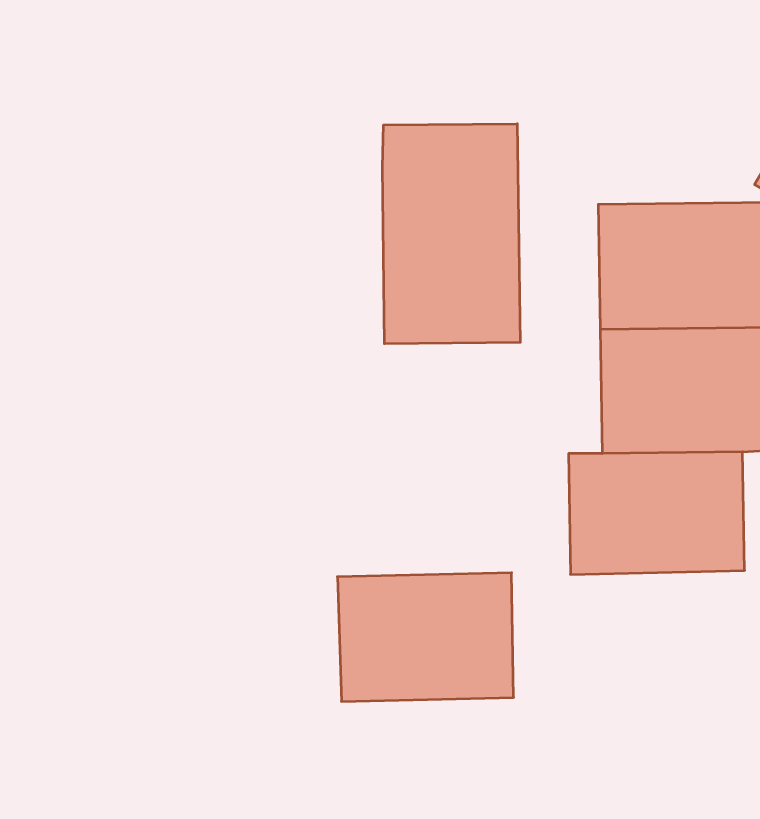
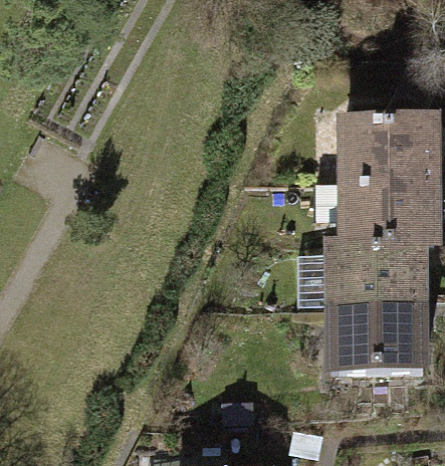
building: [382,124,520,344] -> none
building: [337,573,514,701] -> [331,307,421,373]

